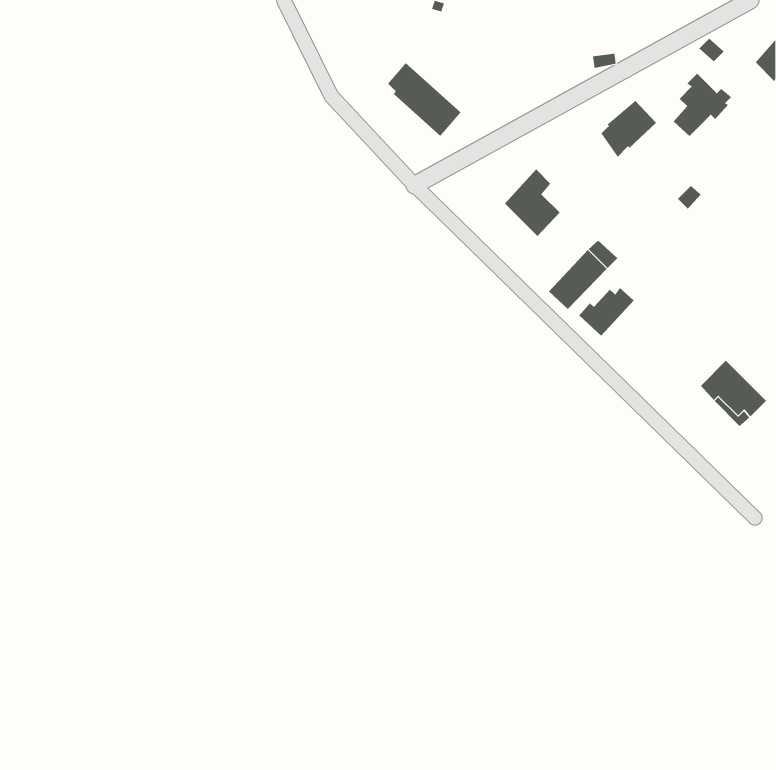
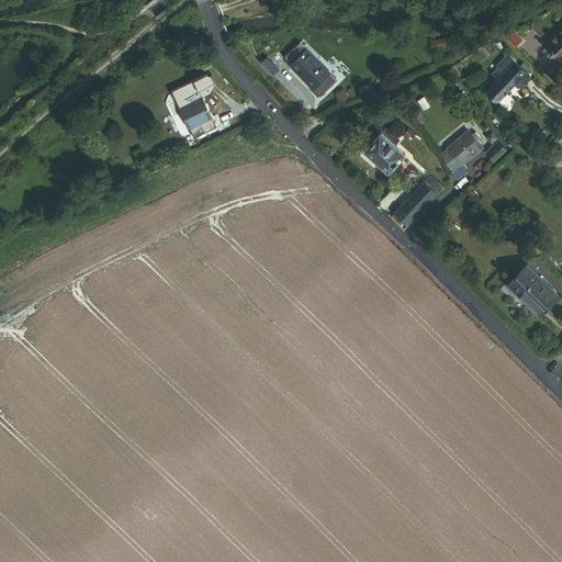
building: [601,100,657,158] -> [439,134,480,176]
building: none -> [177,77,216,126]
building: [579,287,634,336] -> none

